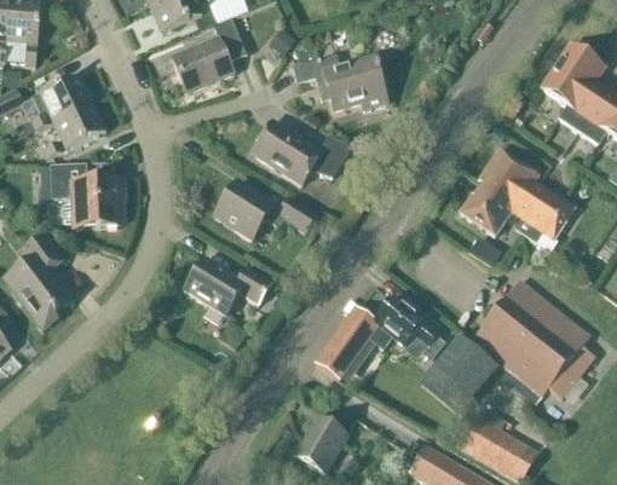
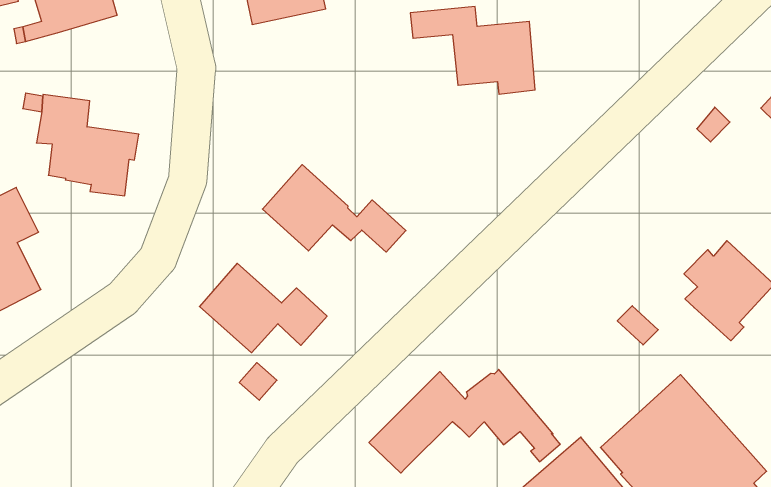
building: [42,102,105,158] -> none
building: [254,121,351,183] -> none
building: [459,148,537,235] -> none

